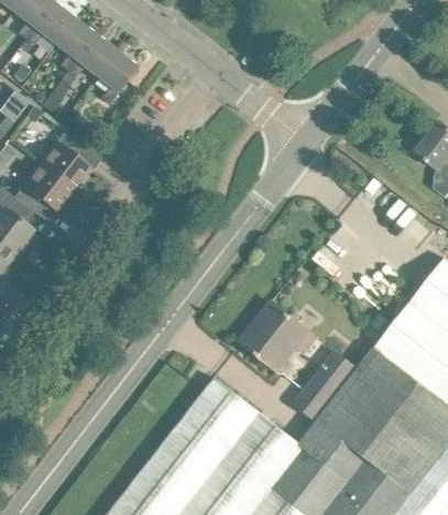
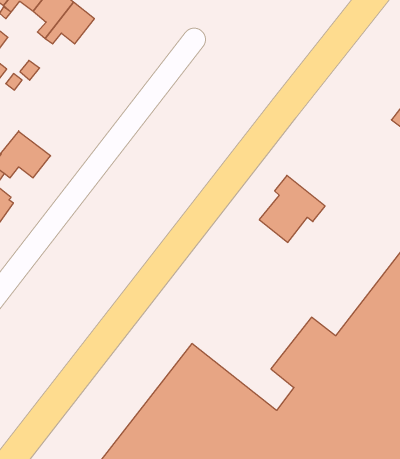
building: [97,52,138,103] -> none
building: [41,131,90,189] -> none
building: [243,302,309,369] -> [259,175,325,242]

